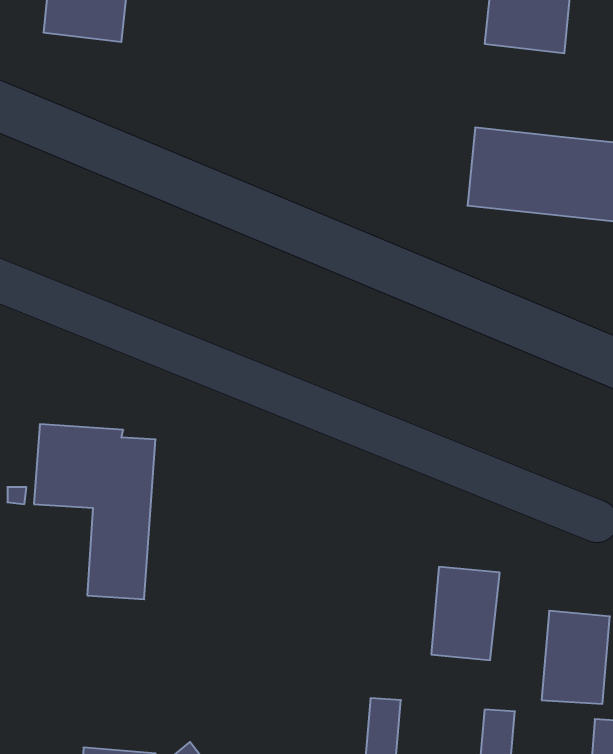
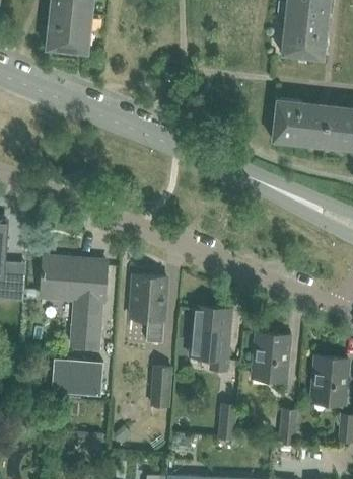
building: none -> [131,275,167,343]
building: none -> [191,309,231,372]
building: none -> [52,358,103,396]
building: none -> [152,367,171,406]

